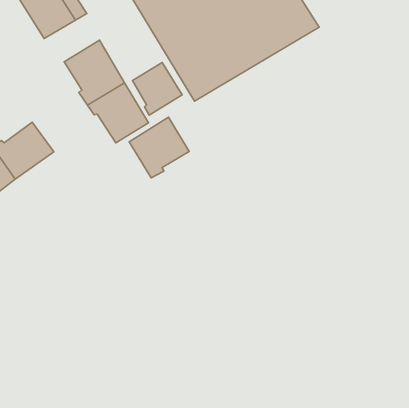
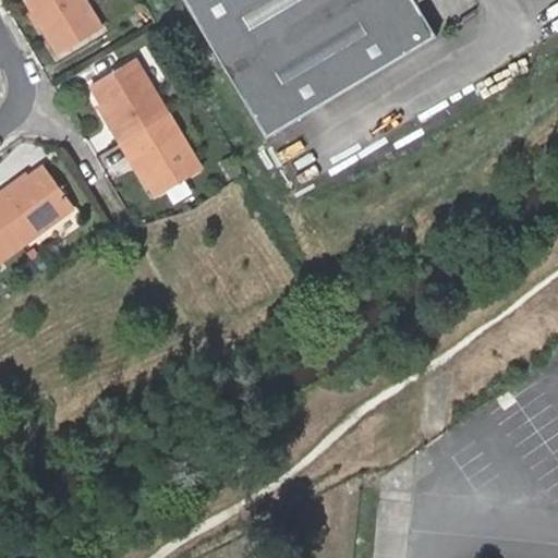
building: [133,63,182,115] -> none
building: [129,117,189,178] -> none

